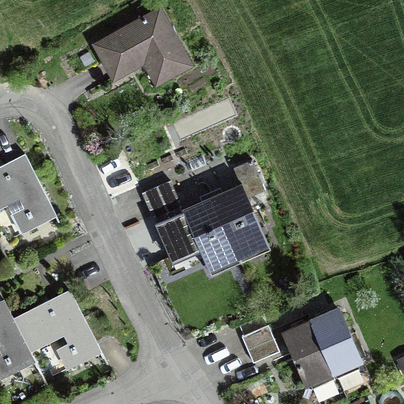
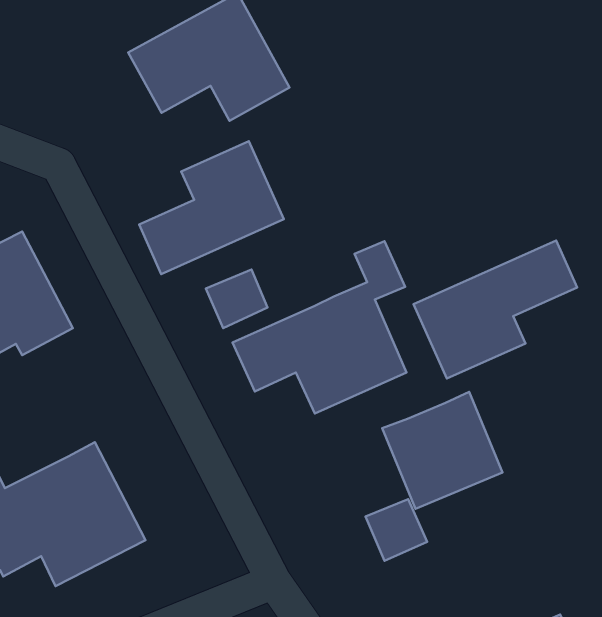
building: none -> [139,141,284,274]
building: none -> [414,240,577,379]
building: [283,313,359,387] -> [382,392,502,509]

